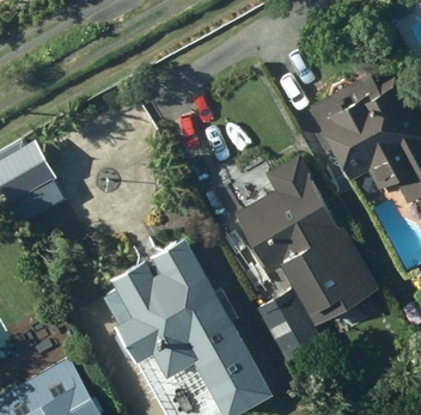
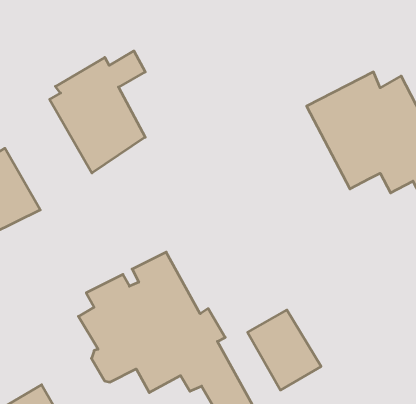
building: none -> [50,51,145,173]
building: [237,154,376,322] -> none

